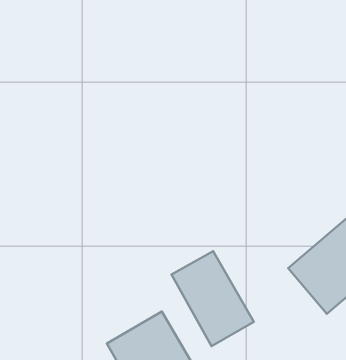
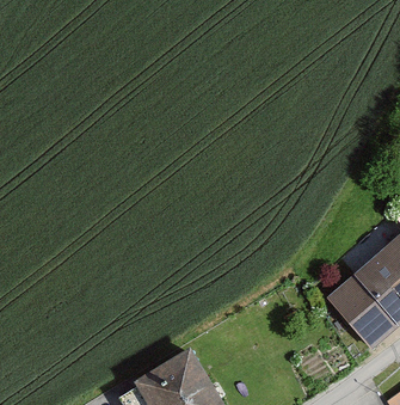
building: [171,251,254,346] -> none

